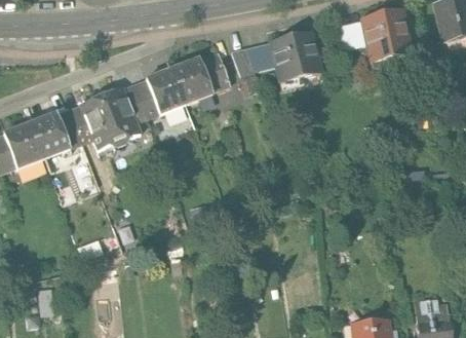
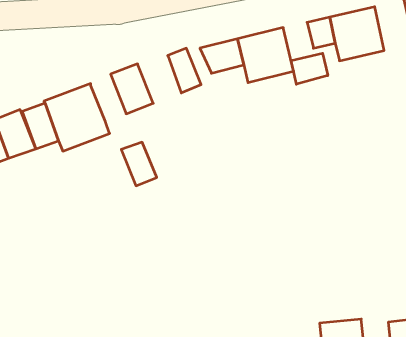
building: none -> [291,53,328,84]
building: [169,55,212,105] -> none
building: [123,80,158,123] -> [121,142,157,186]

